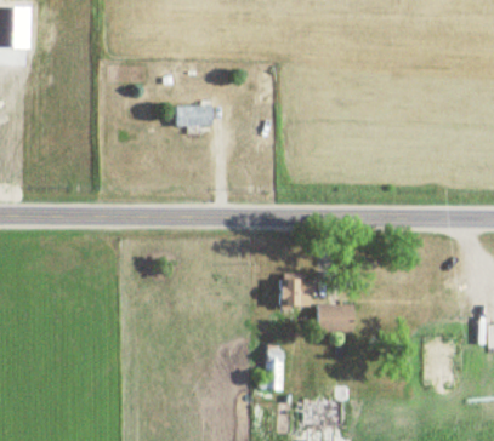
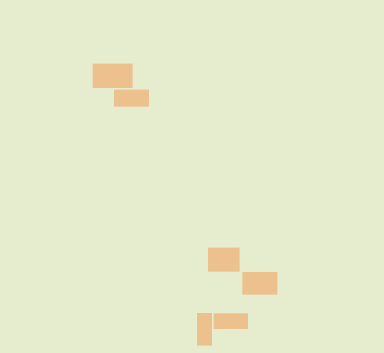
building: none -> [92,63,133,89]
building: none -> [213,313,249,330]

